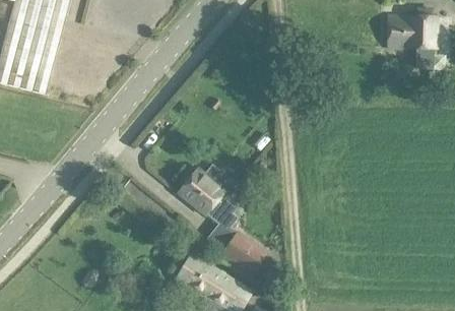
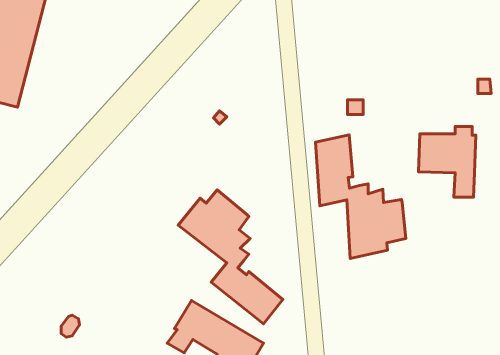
building: [386,9,434,68] -> [419,127,476,197]
building: none -> [316,135,406,259]

